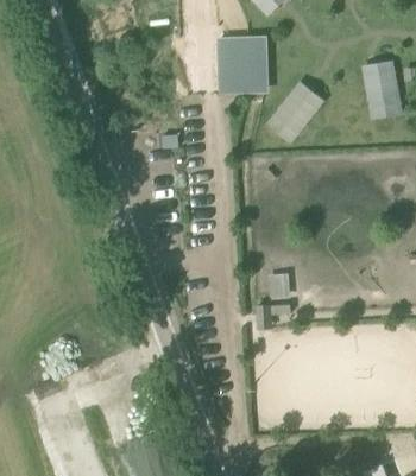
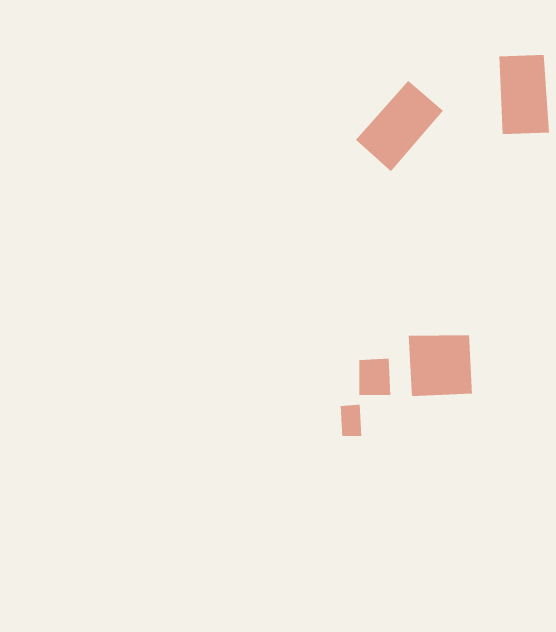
building: [226,36,266,94] -> none
building: none -> [408,334,472,397]

